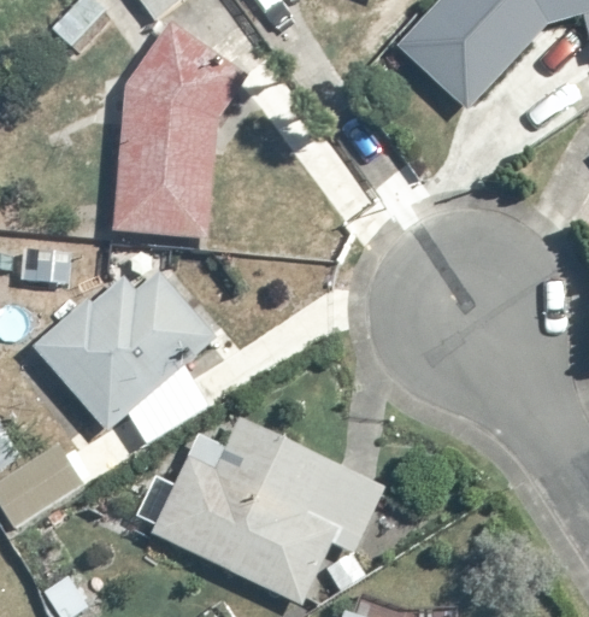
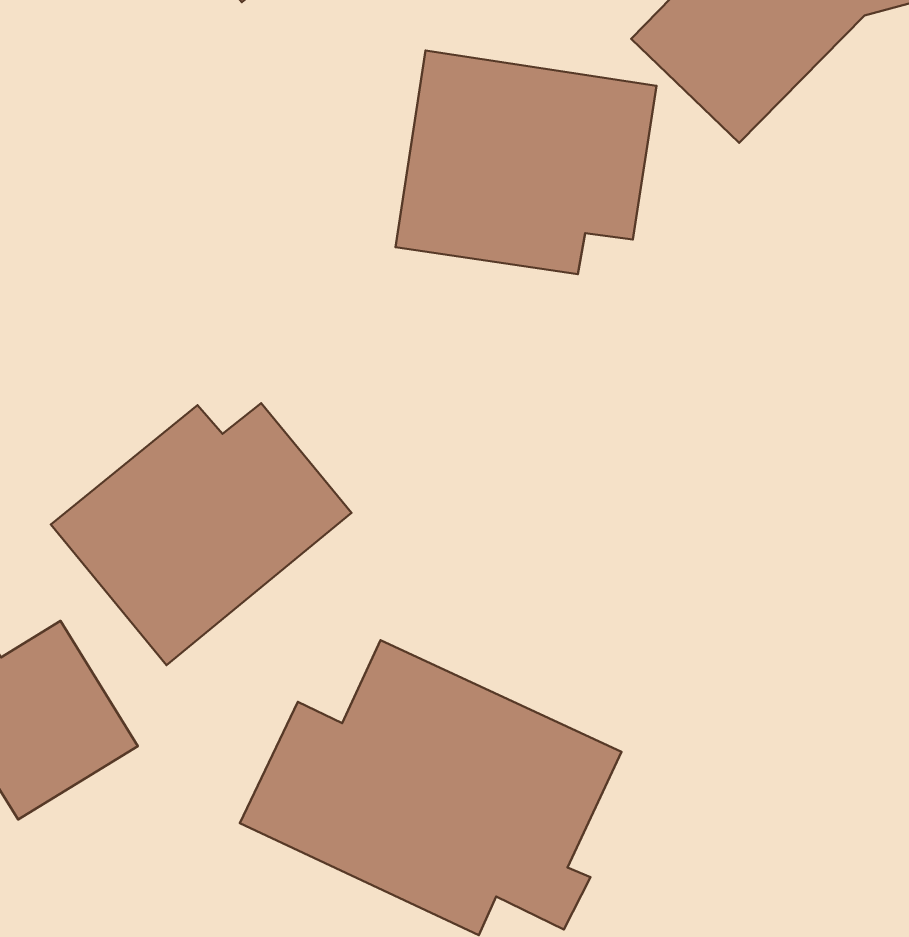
building: [117,23,234,234] -> none
building: none -> [396,51,657,274]

